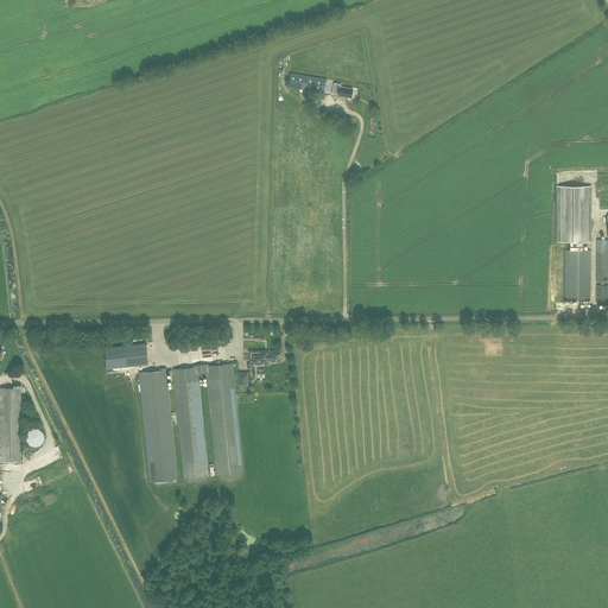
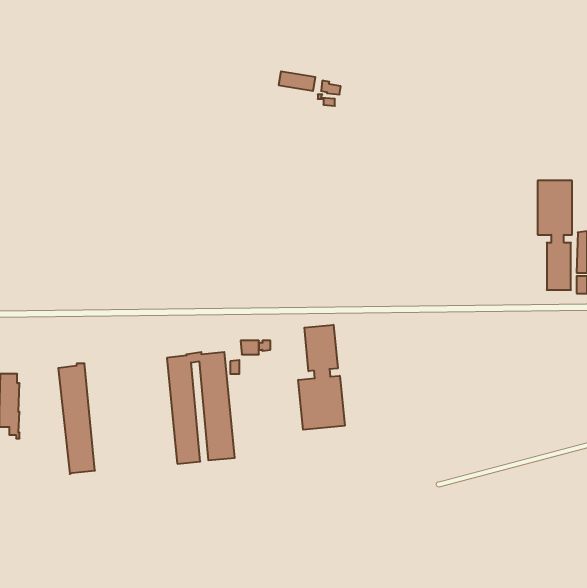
building: none -> [298,325,345,430]
building: [103,343,147,369] -> none
building: [138,368,176,482] -> [58,364,95,474]

